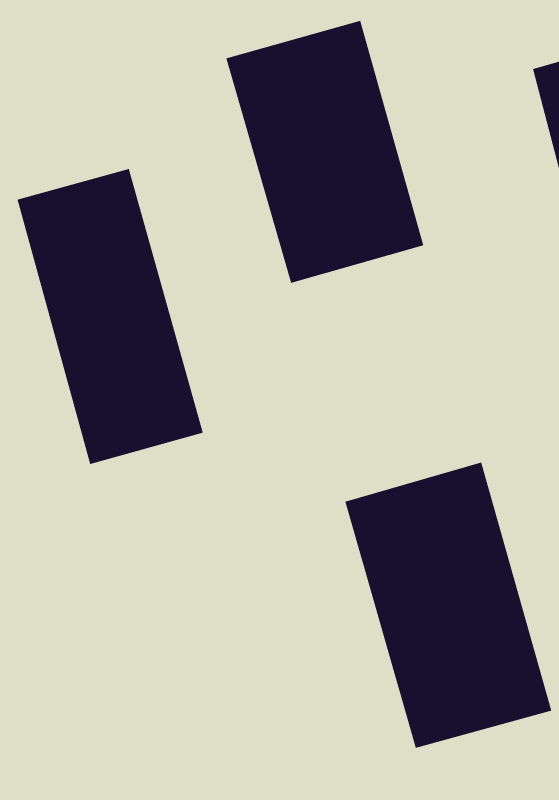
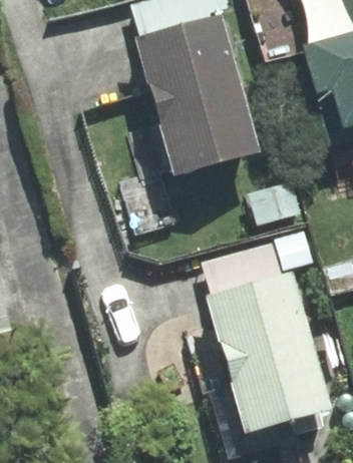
building: [17,168,203,465] -> none

